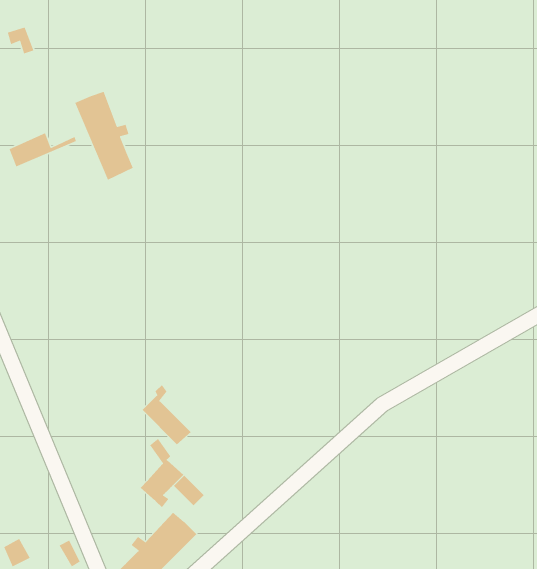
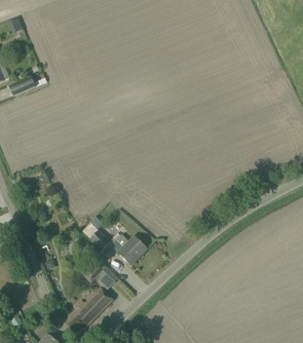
building: [74,91,134,181] -> none
building: none -> [110,233,147,263]

